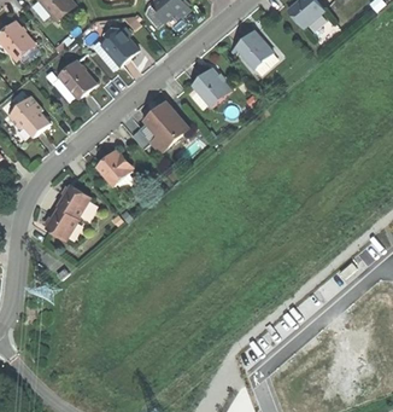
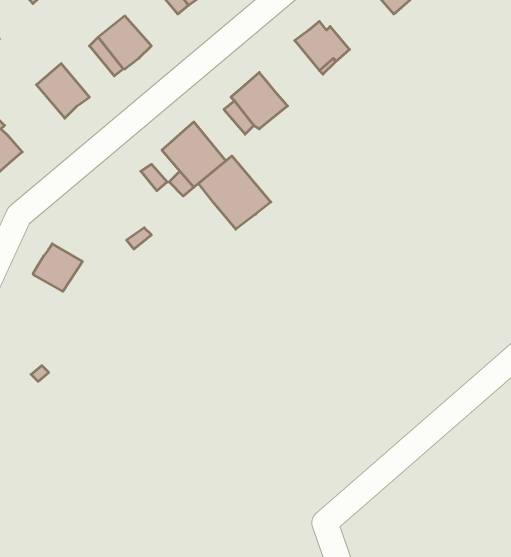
building: none -> [199,156,271,229]
building: [95,150,130,186] -> none
building: [43,207,77,240] -> none

